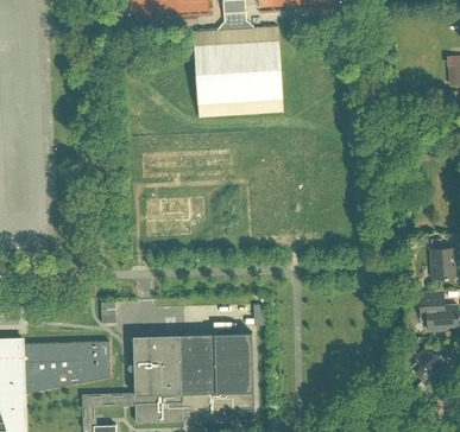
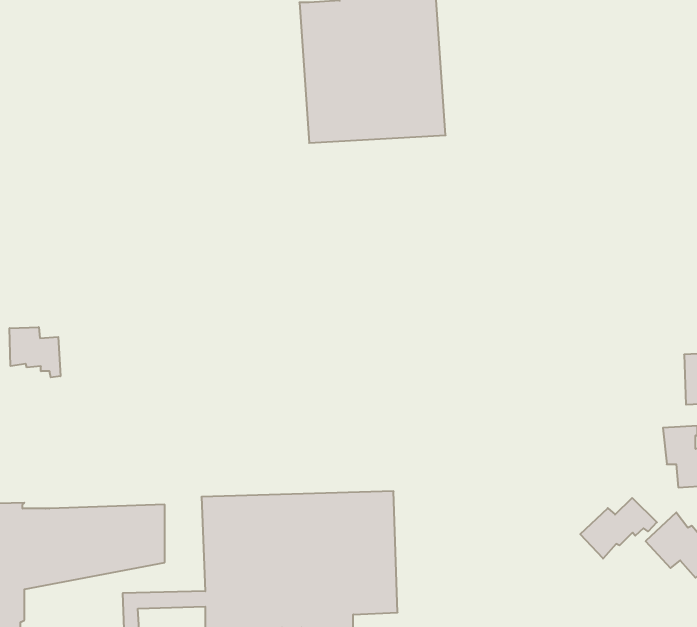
building: none -> [10,327,60,377]
building: none -> [580,498,657,559]

